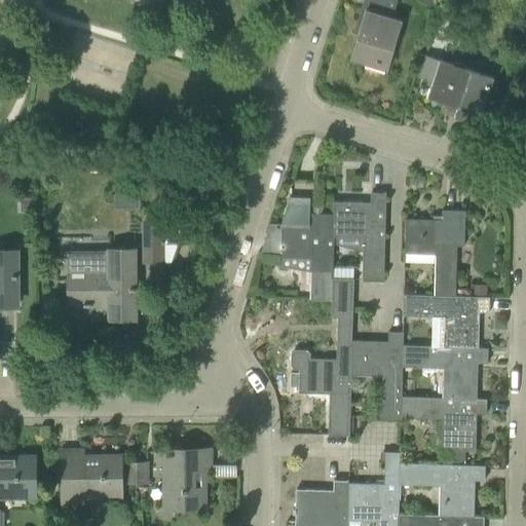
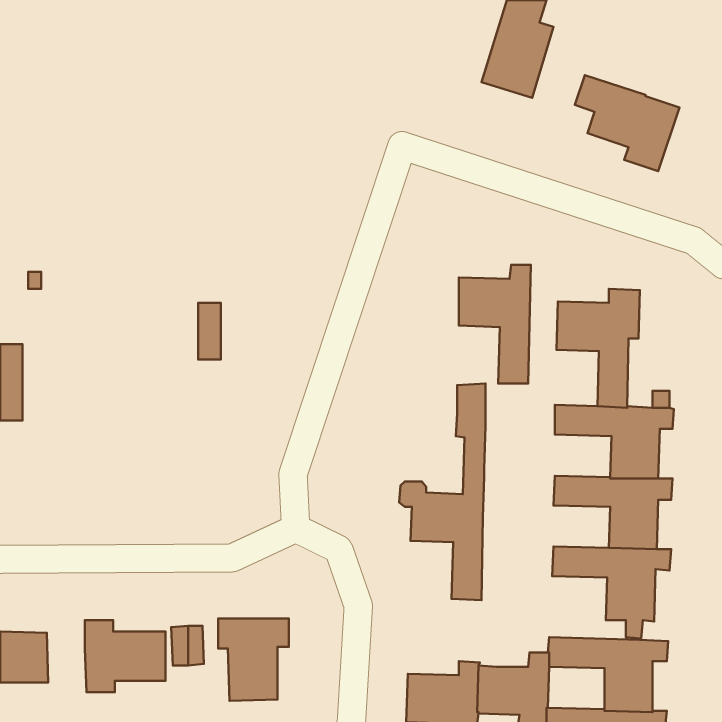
building: [281,200,334,301] -> none
building: [69,251,135,320] -> none
building: [351,332,404,419] -> none

